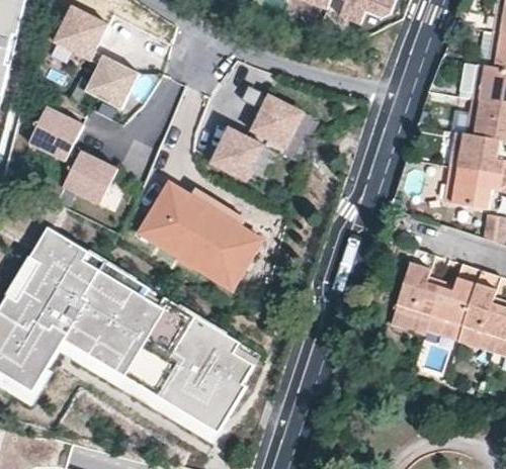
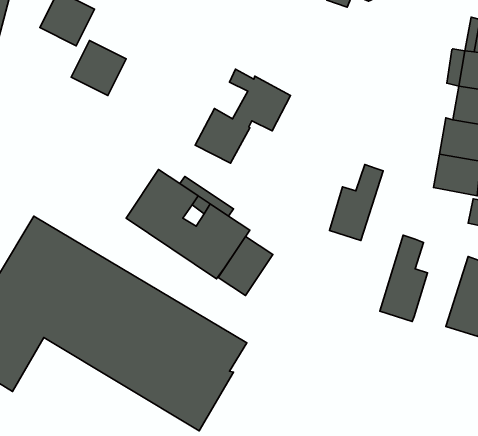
building: [27,106,116,204] -> none
building: none -> [218,237,273,296]
building: [426,264,480,340] -> [329,165,383,241]

